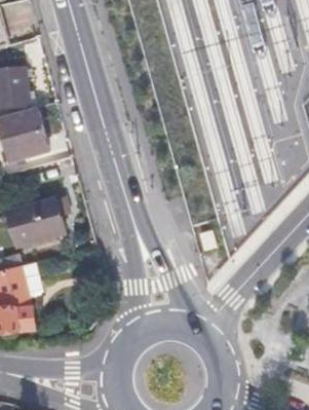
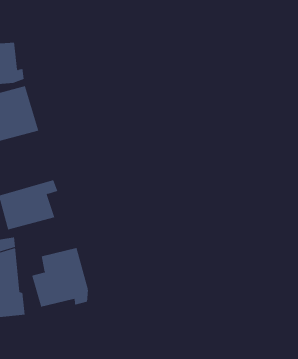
building: none -> [31,247,88,308]

